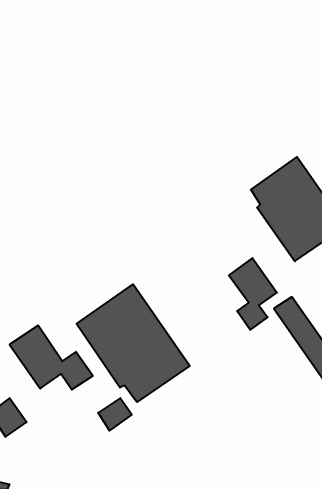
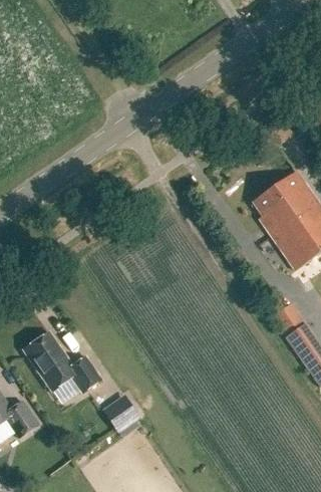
building: [229,258,277,330] -> none
building: [77,284,190,402] -> none

